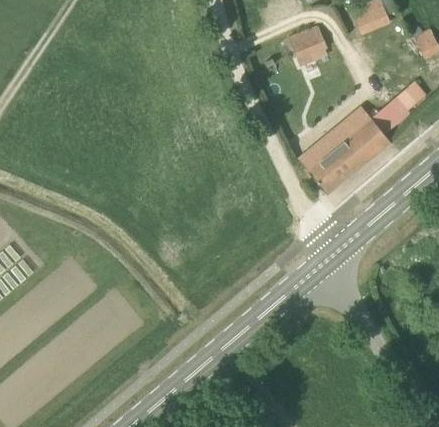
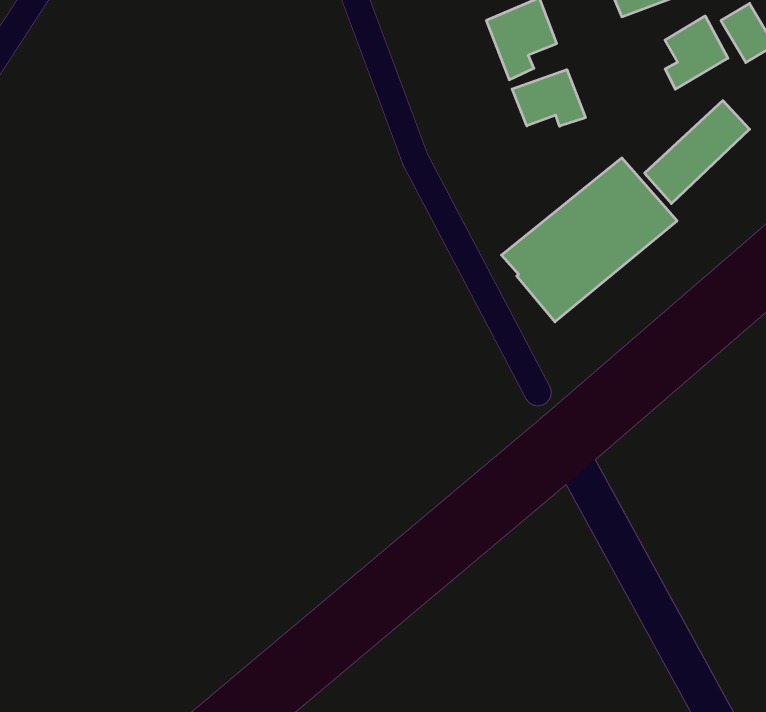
building: none -> [665,16,728,89]
building: none -> [512,70,585,126]

